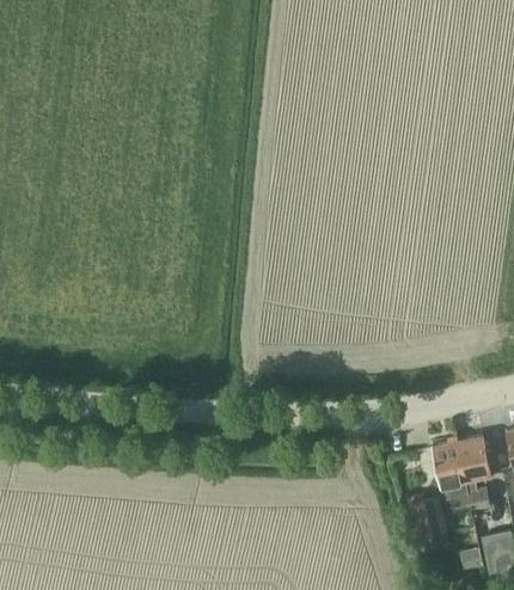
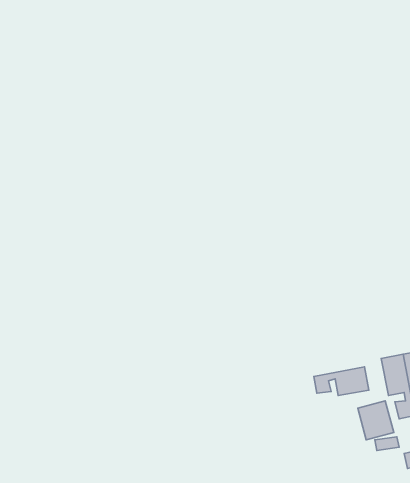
building: none -> [314,367,369,395]

